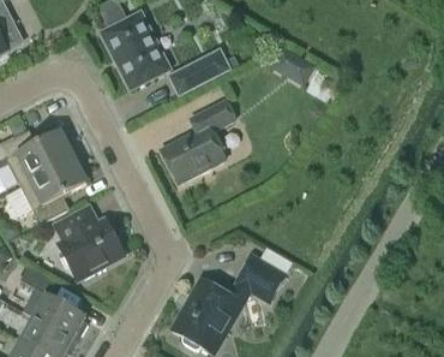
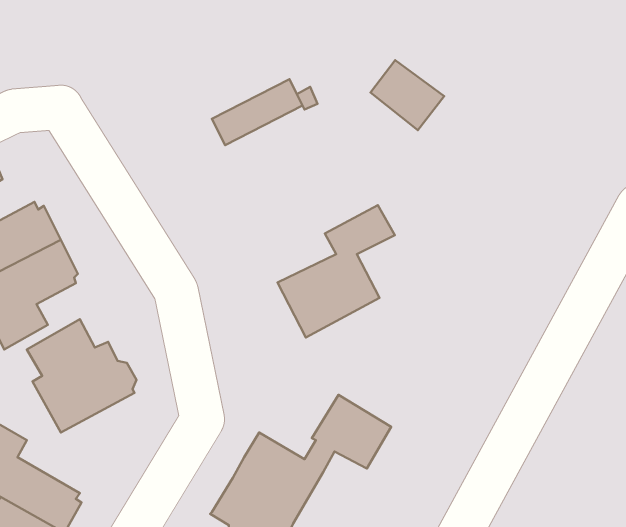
building: [101,10,170,88] -> none
building: [160,99,234,183] -> [278,205,395,337]

